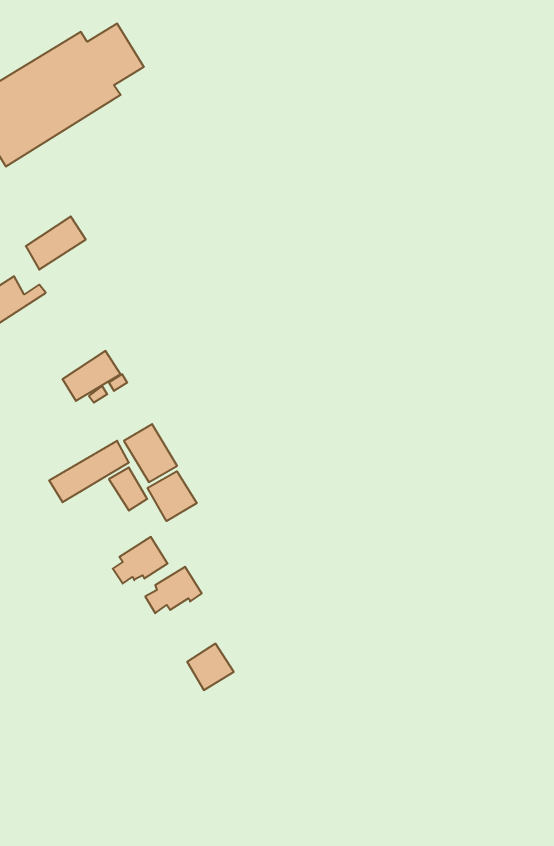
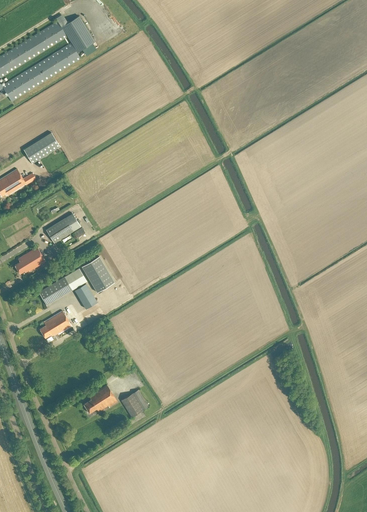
building: none -> [14,247,45,273]
building: [148,471,197,521] -> none
building: [113,537,168,584] -> [38,310,71,338]
building: [145,567,202,613] -> [82,385,116,413]

